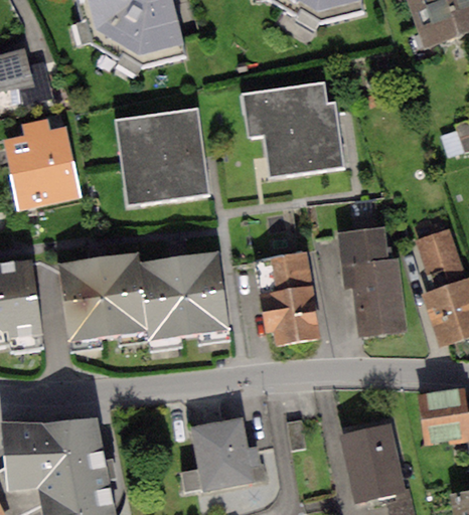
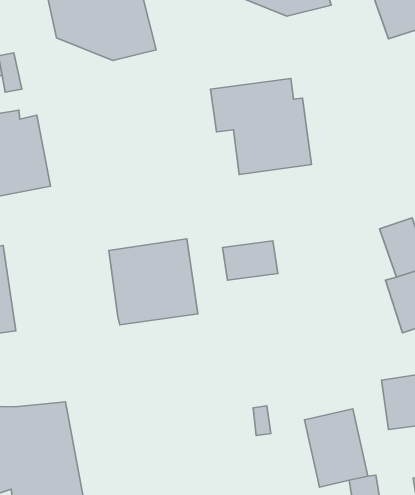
building: [117,113,211,211] -> none
building: [336,226,407,336] -> none
building: [57,253,149,341] -> none
building: [261,286,319,345] -> none
building: [192,419,263,490] -> none

